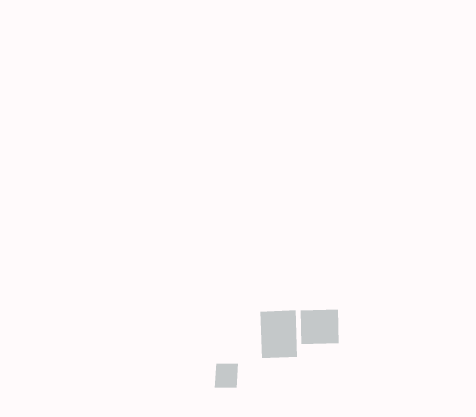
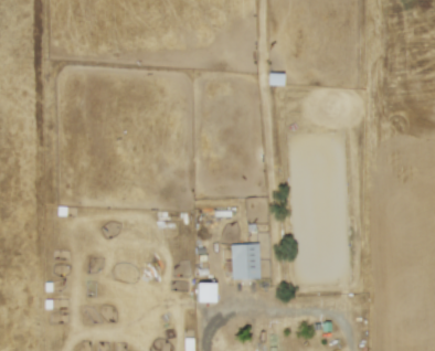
building: [300,309,339,345] -> none

